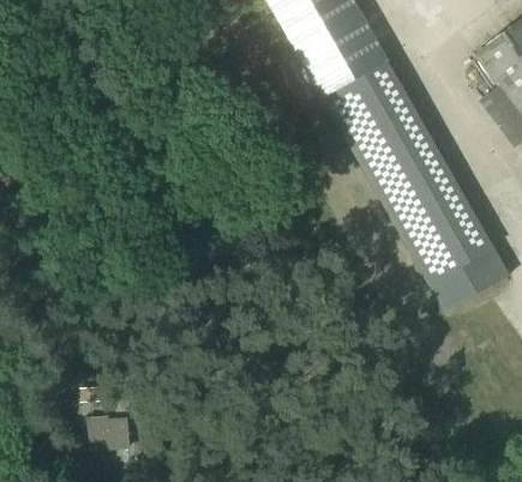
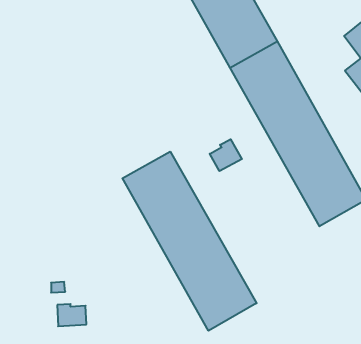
building: none -> [210,139,242,171]
building: none -> [122,152,257,331]

